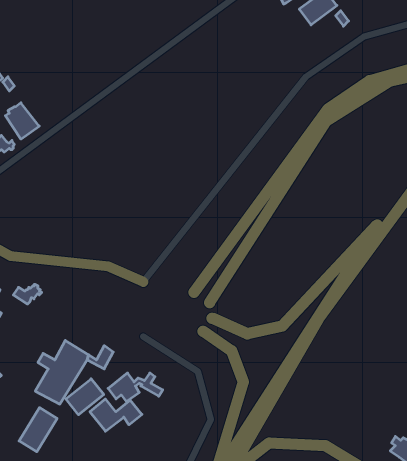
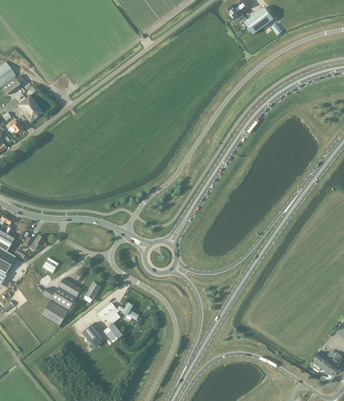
building: [66,379,104,415] -> none
building: [19,408,57,452] -> none

